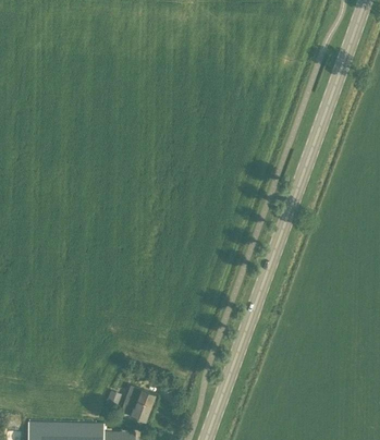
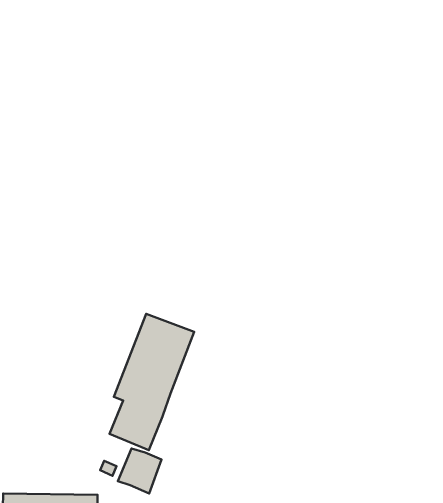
building: none -> [109,314,194,450]

